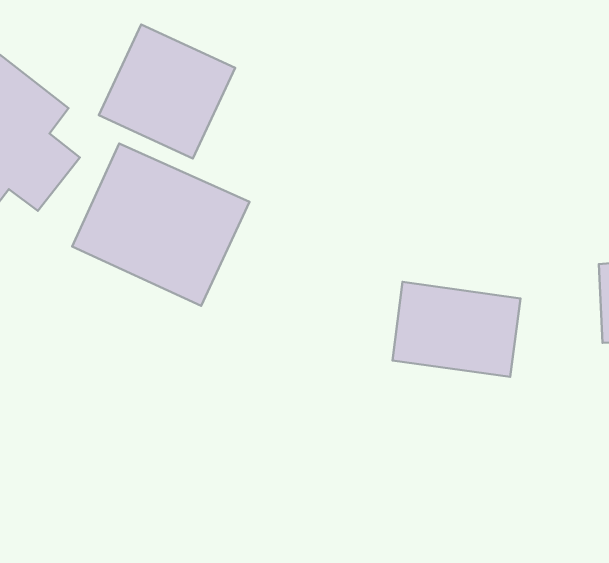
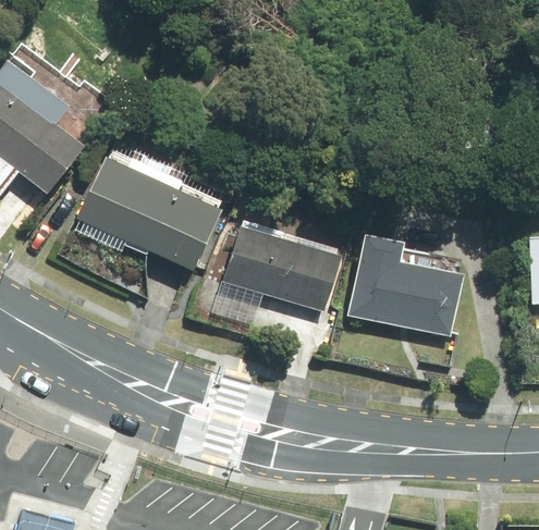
building: [99,24,235,158] -> none
building: none -> [220,224,344,315]

